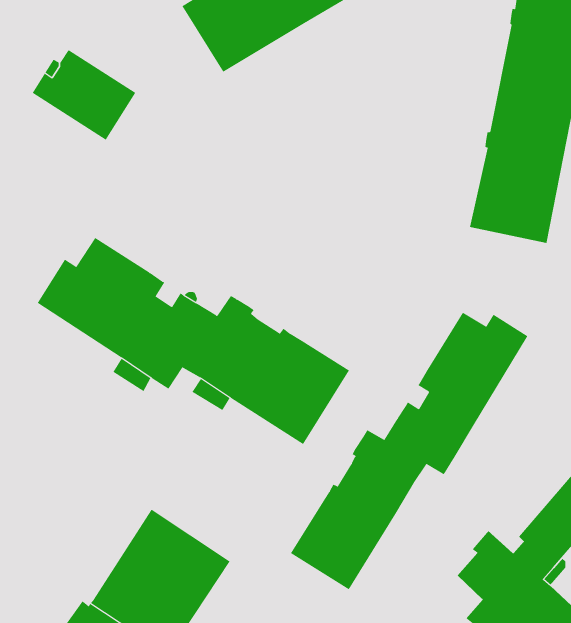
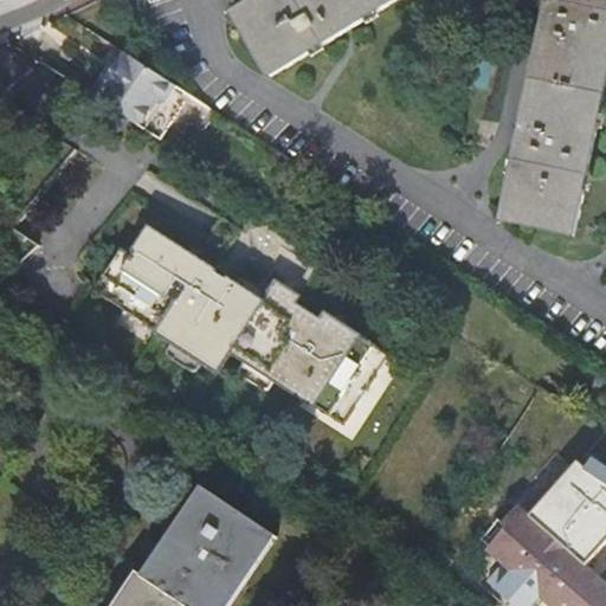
building: [290,312,528,590] -> none

